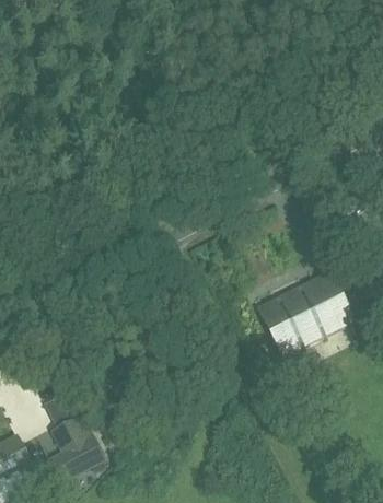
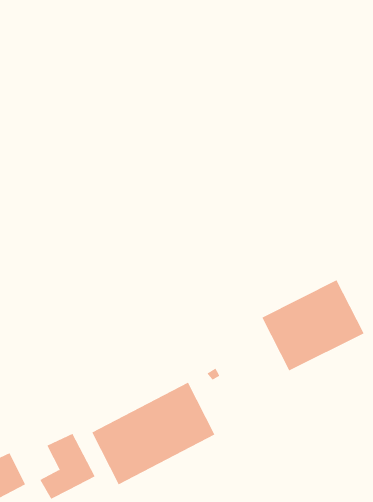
building: none -> [92,382,215,485]

